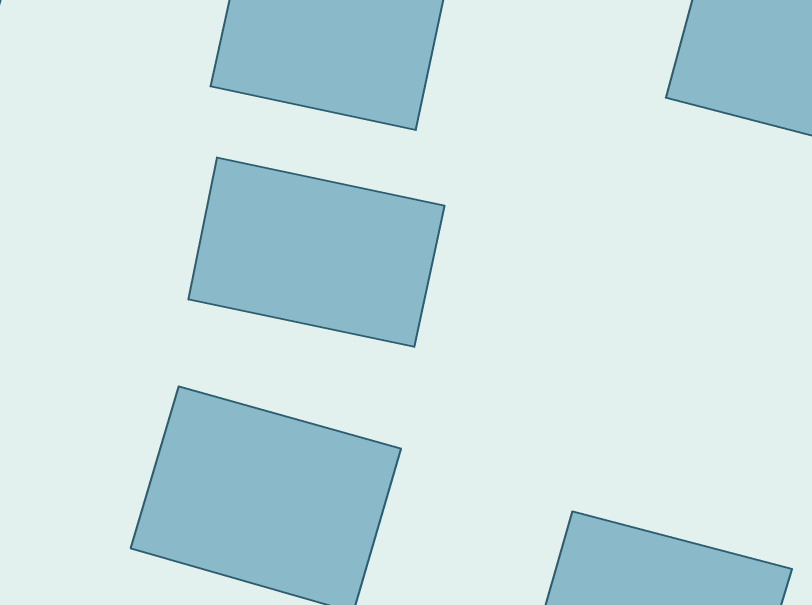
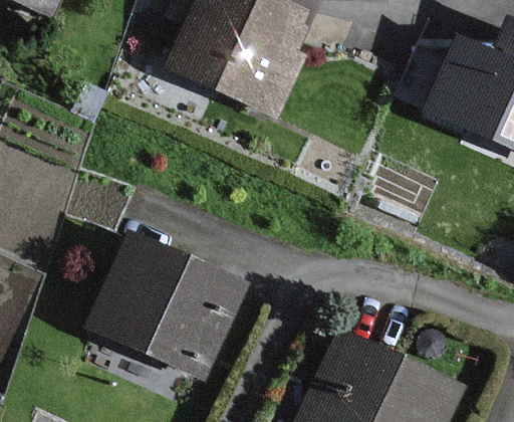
building: [189,157,444,347] -> none

